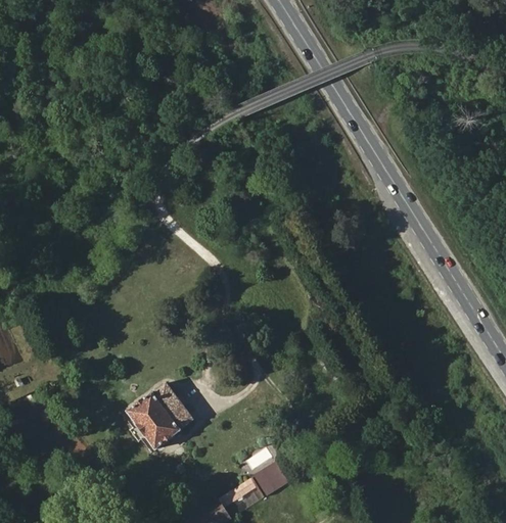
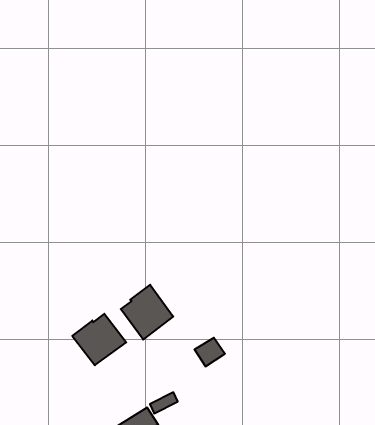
building: none -> [121,285,173,340]
building: [249,465,286,500] -> [194,338,225,366]

